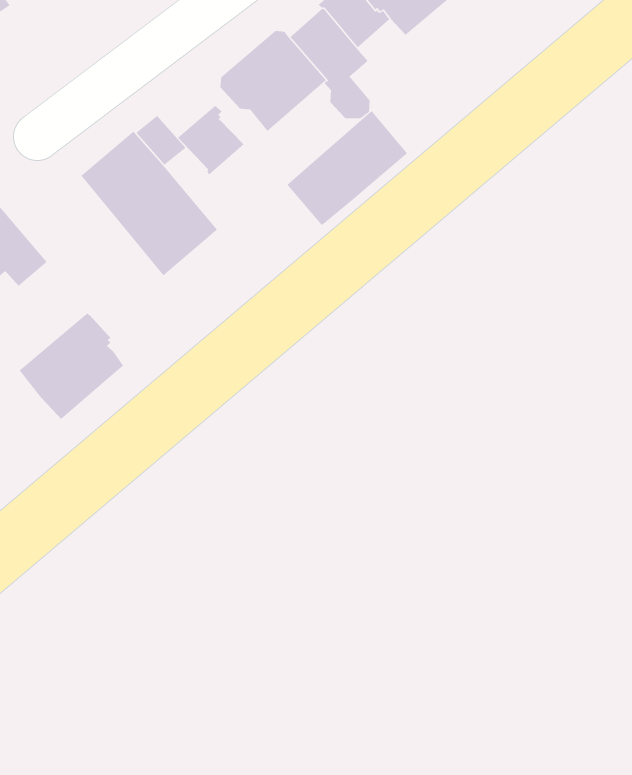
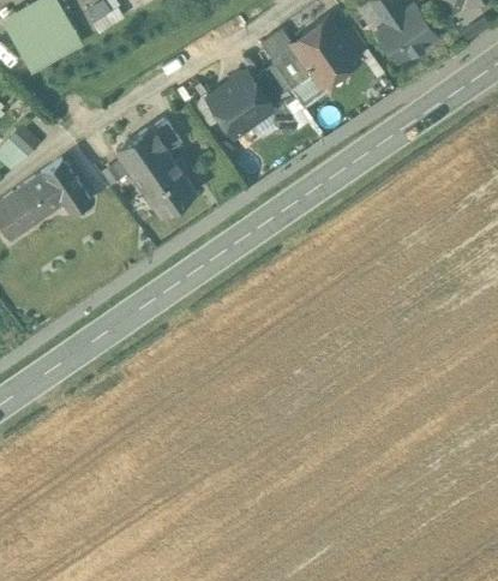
building: [177,105,244,176] -> none
building: [287,110,408,226] -> none
building: [19,313,124,420] -> none

